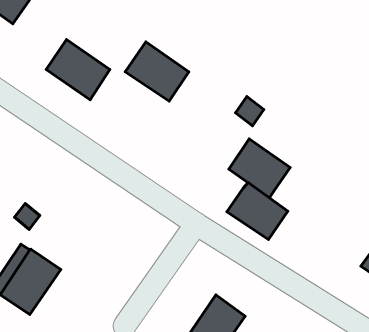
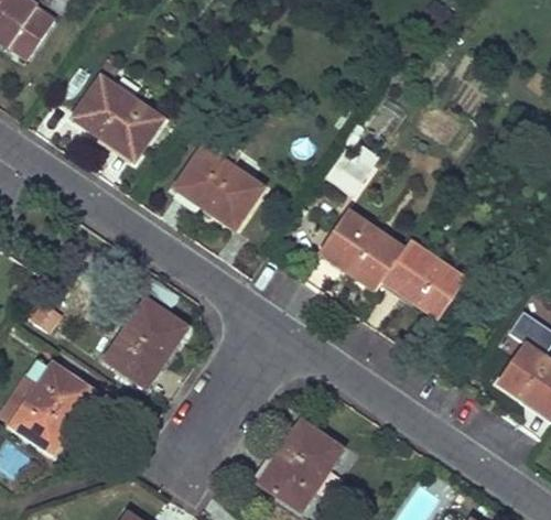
building: [125,42,189,101] -> [175,147,261,227]
building: [227,183,288,240] -> [381,242,464,319]
building: none -> [107,296,186,382]

